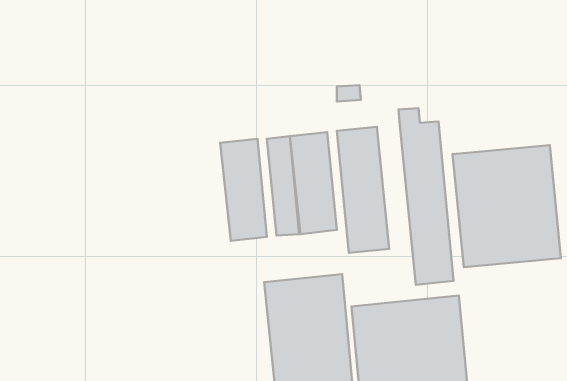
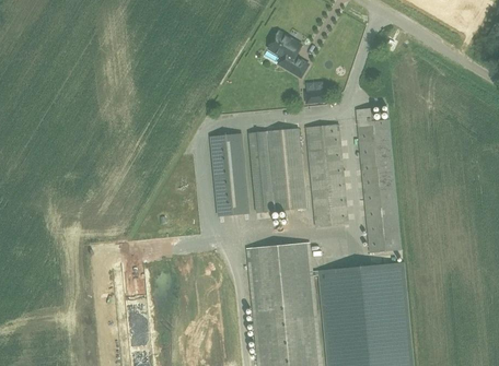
building: none -> [266,31,306,76]
building: [453,145,561,267] -> none

